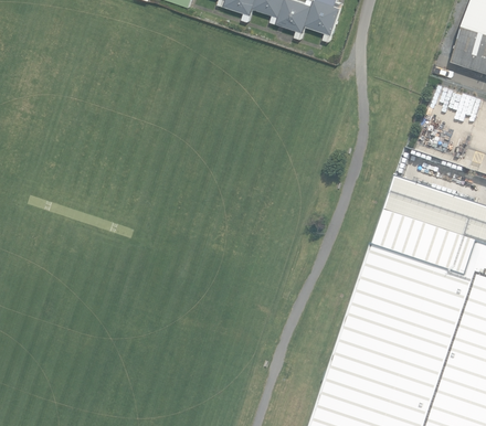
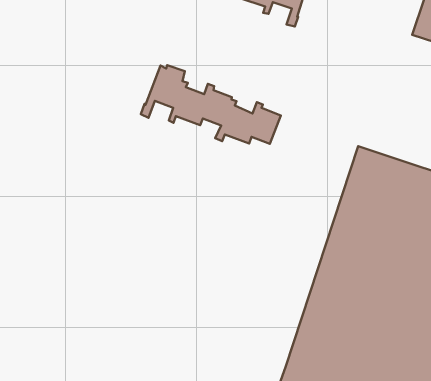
building: none -> [141,65,281,144]

